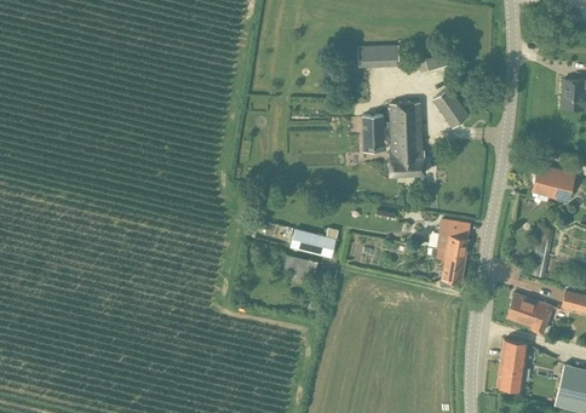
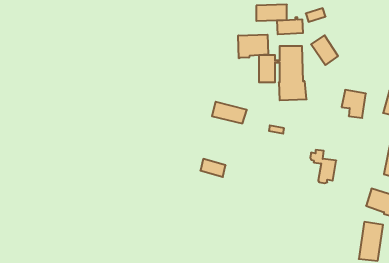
building: none -> [277,17,303,34]
building: none -> [238,35,268,58]
building: [438,219,471,257] -> [342,90,366,118]
building: [289,229,337,258] -> [212,102,247,123]

